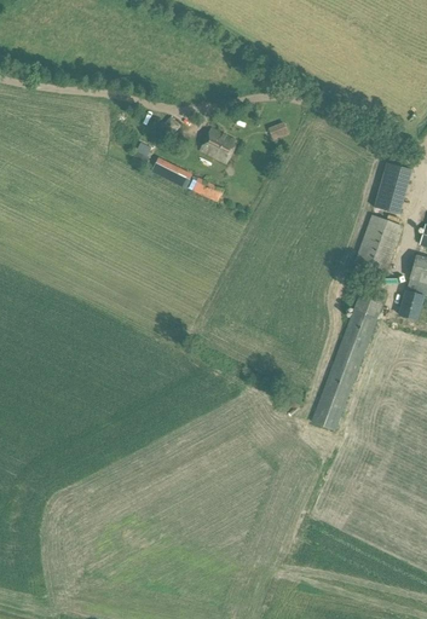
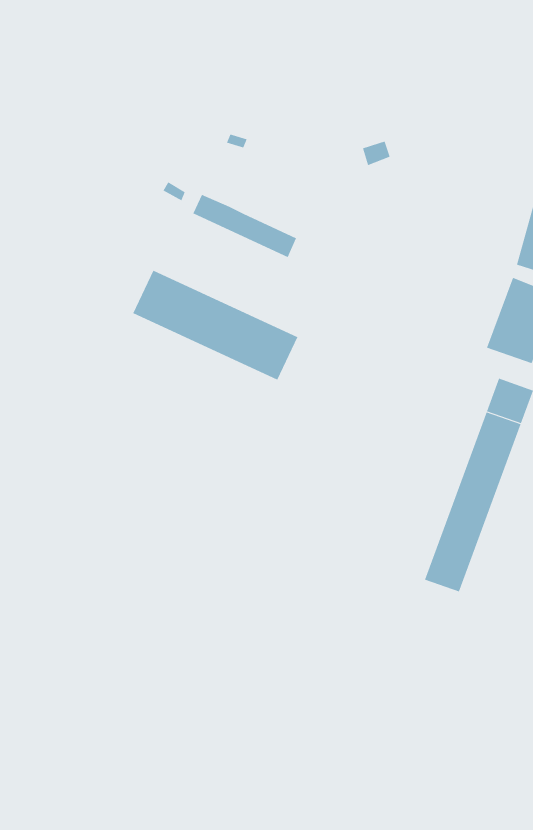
building: [201,126,240,162] -> none
building: none -> [133,270,298,380]

